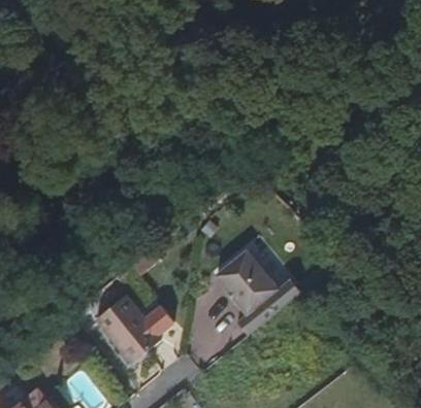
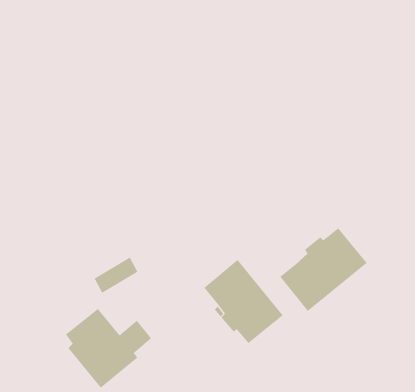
building: none -> [280,228,368,312]

